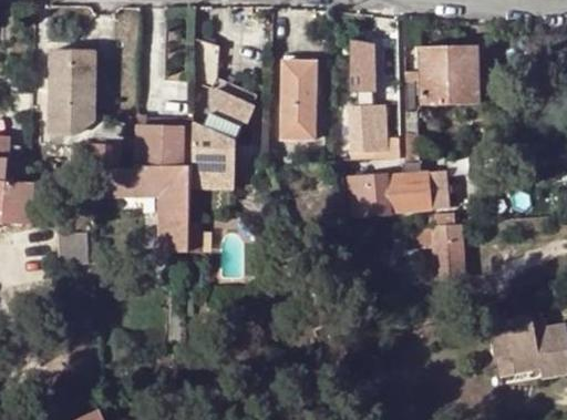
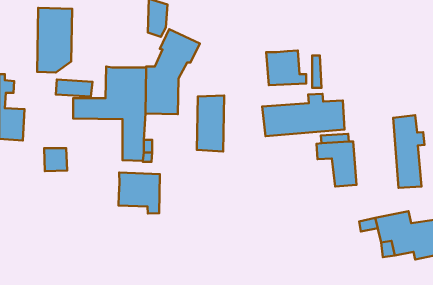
building: [406,48,482,104] -> none
building: [348,49,375,109] -> none
building: [279,68,315,141] -> [197,95,224,152]
building: none -> [393,115,424,188]
building: none -> [118,173,160,214]

